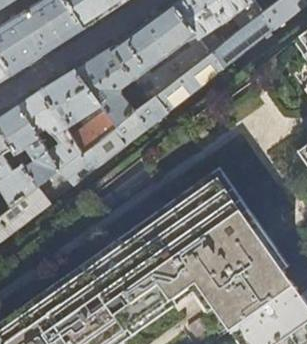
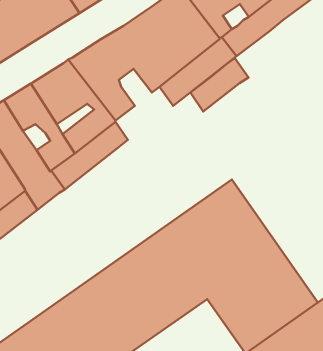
building: [116,94,167,141] -> [191,58,248,111]

